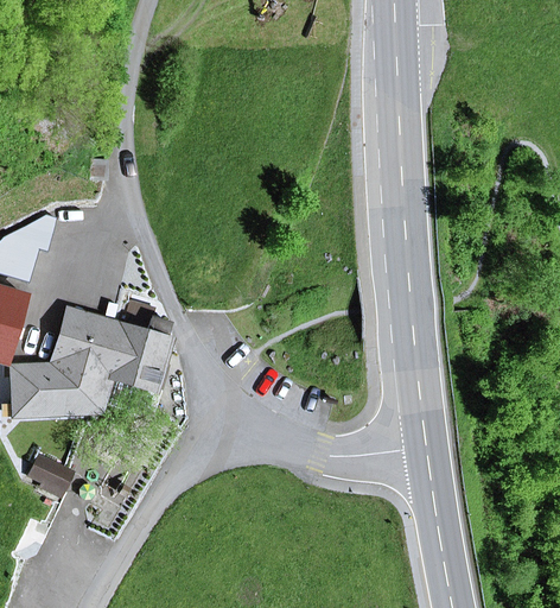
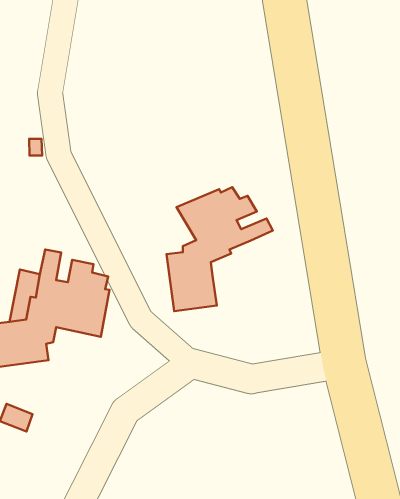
building: none -> [166,187,273,311]

